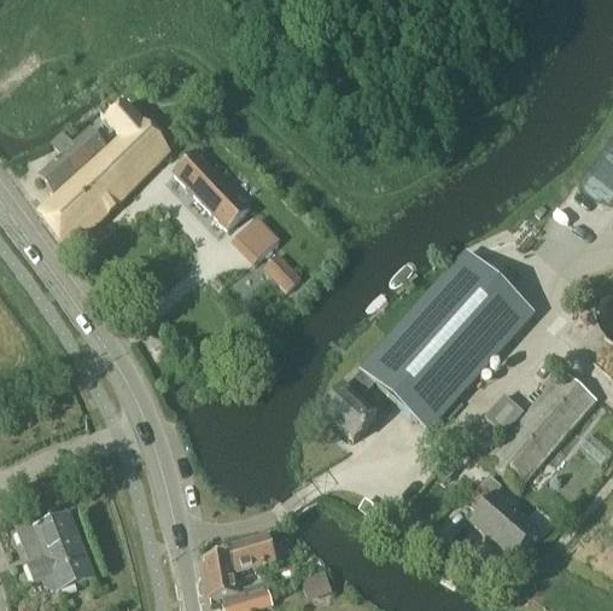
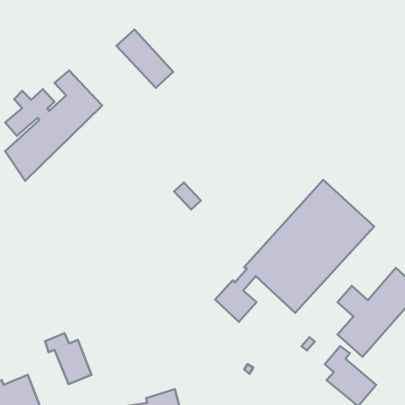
building: [174,149,250,227] -> [116,30,173,88]
building: [229,217,280,267] -> none
building: none -> [45,333,92,384]

